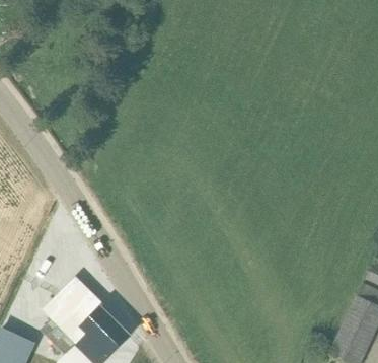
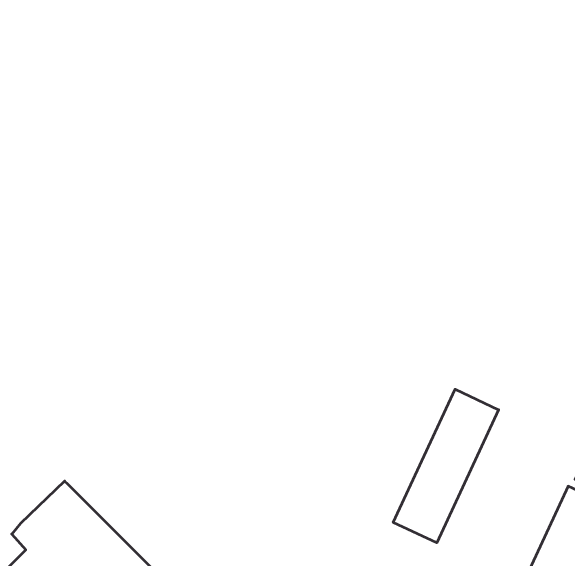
building: none -> [393,389,499,543]

